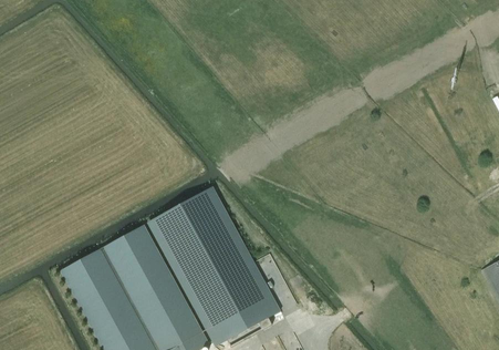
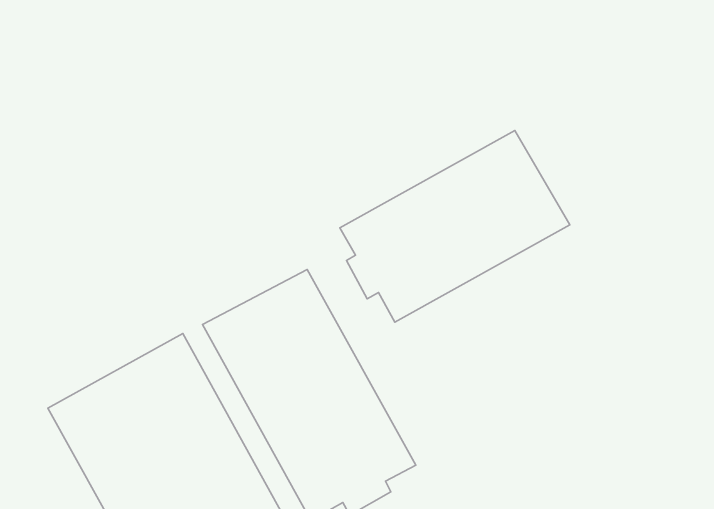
building: none -> [340,130,570,322]

